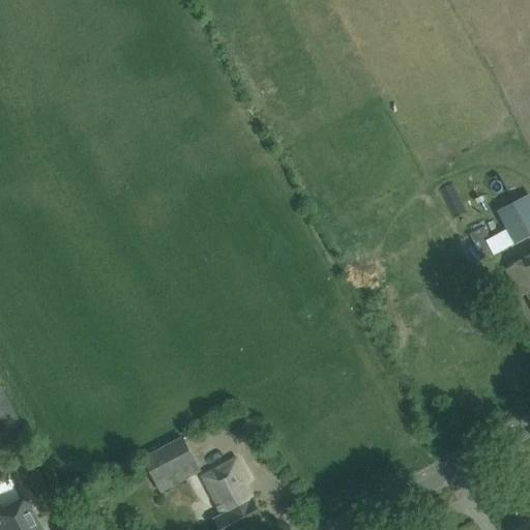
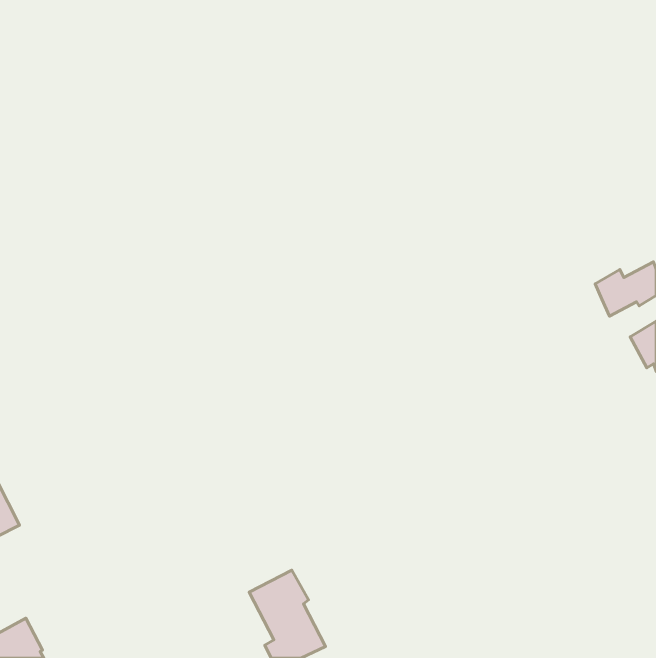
building: [139,435,196,485] -> none

